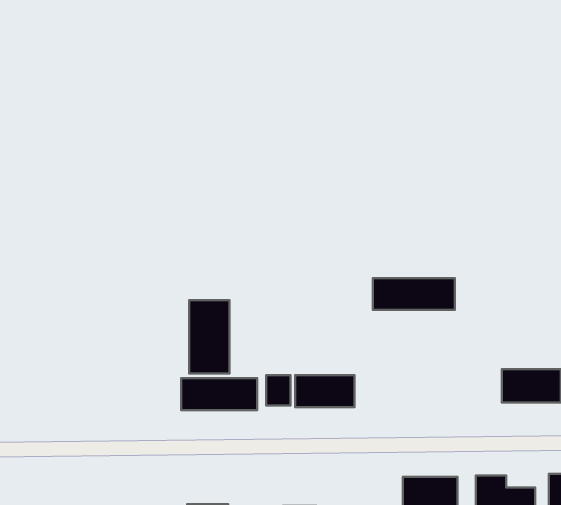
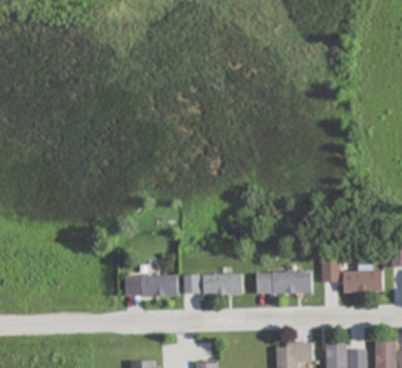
building: [373,278,455,310] -> [257,271,312,293]
building: [189,300,229,373] -> none
building: none -> [322,257,340,281]

